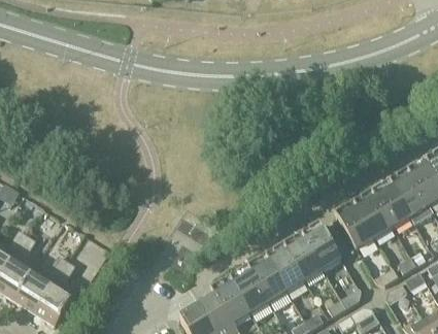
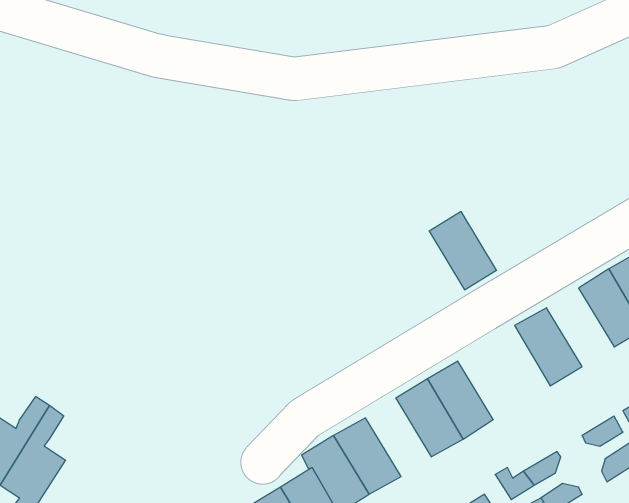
building: [353,194,393,239] -> none
building: [302,225,341,270] -> [429,212,497,290]
building: [248,258,287,303] -> none

